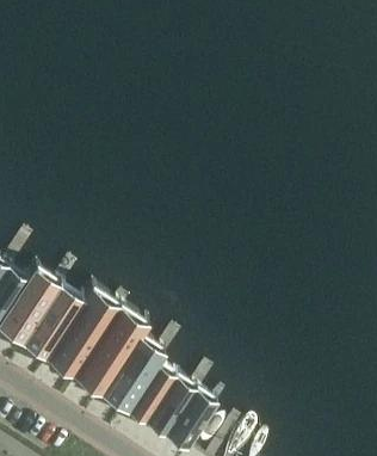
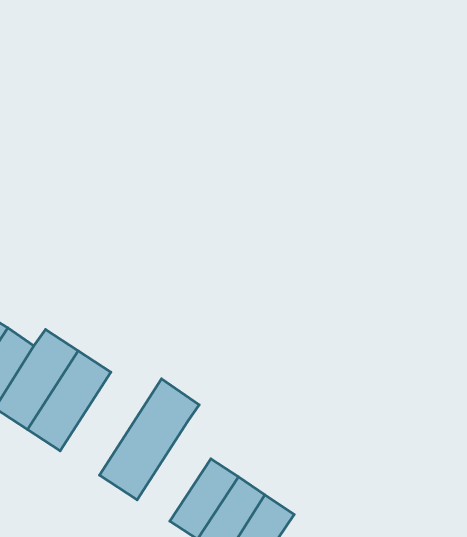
building: [45,288,119,376] -> none
building: [101,337,162,409] -> none

